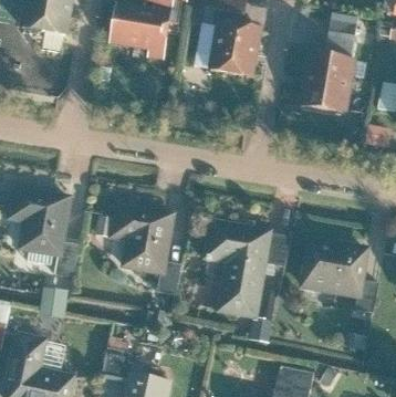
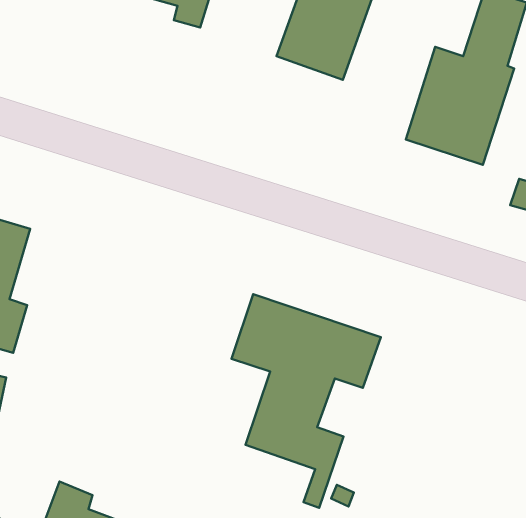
building: [97,205,183,297] -> none
building: [298,238,378,313] -> none

